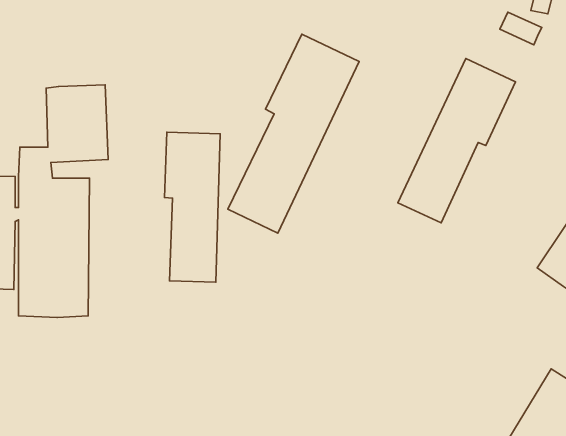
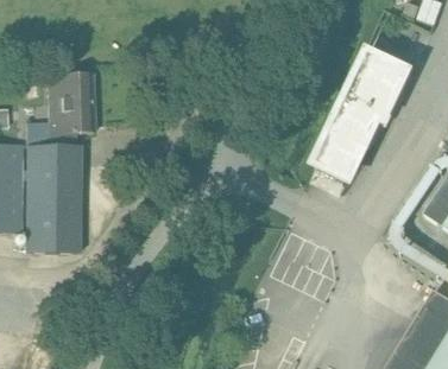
building: [228,34,359,233] -> none
building: [165,132,220,282] -> none

